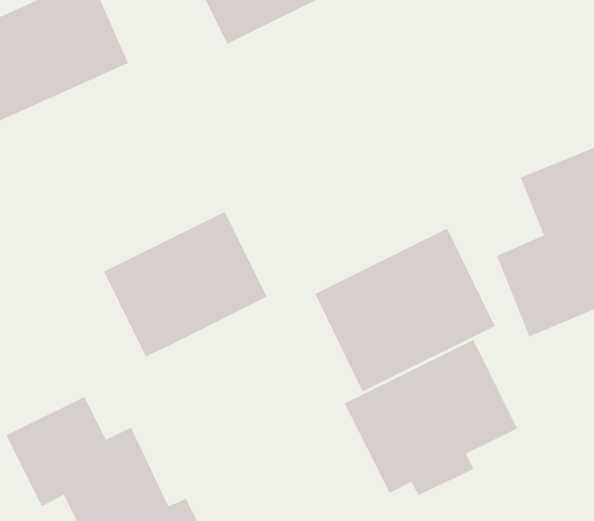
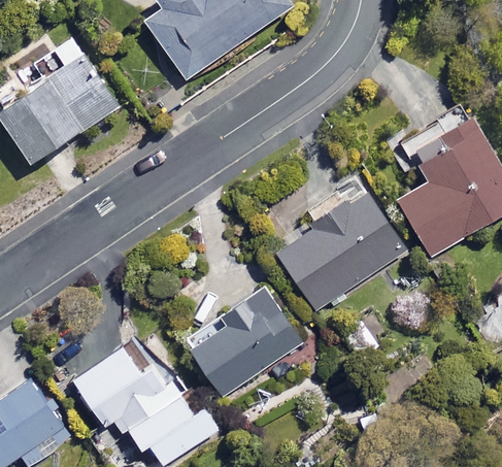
building: [103,211,268,357] -> [185,286,303,397]
building: [344,339,518,496] -> none

